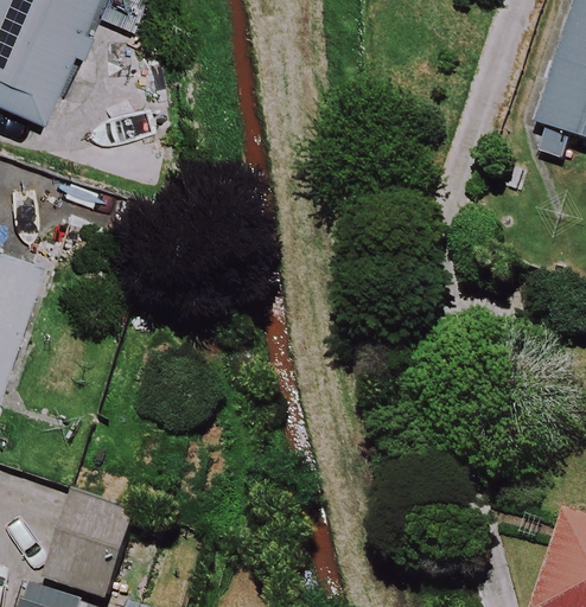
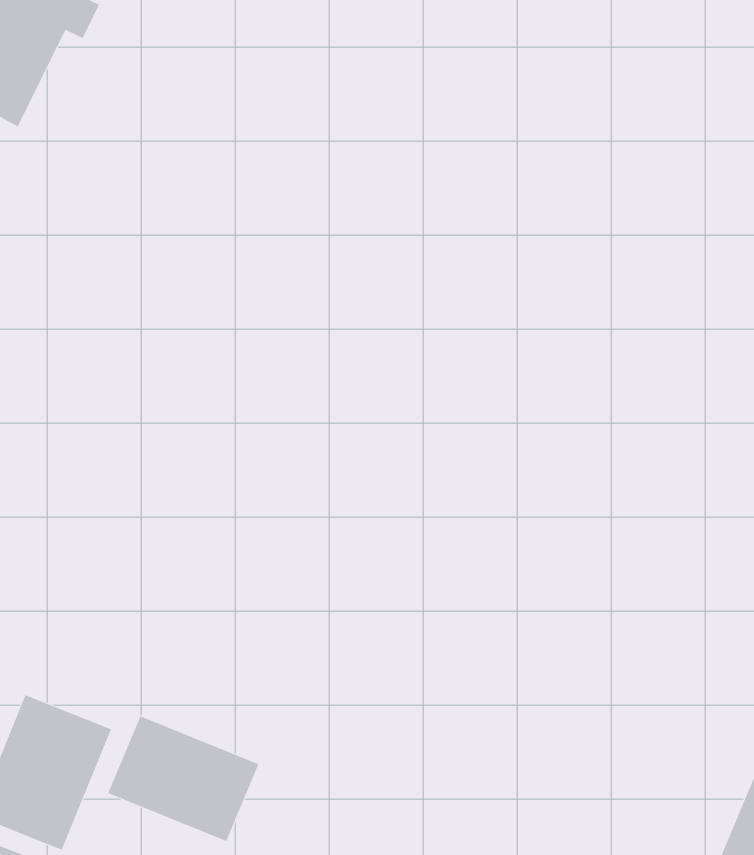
building: none -> [107,715,259,842]

